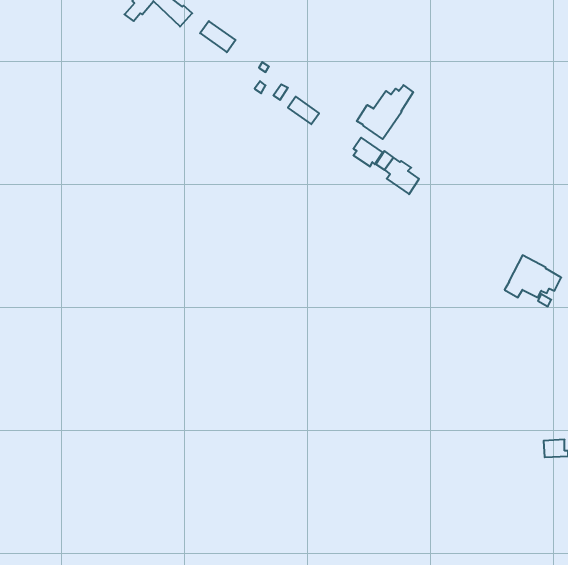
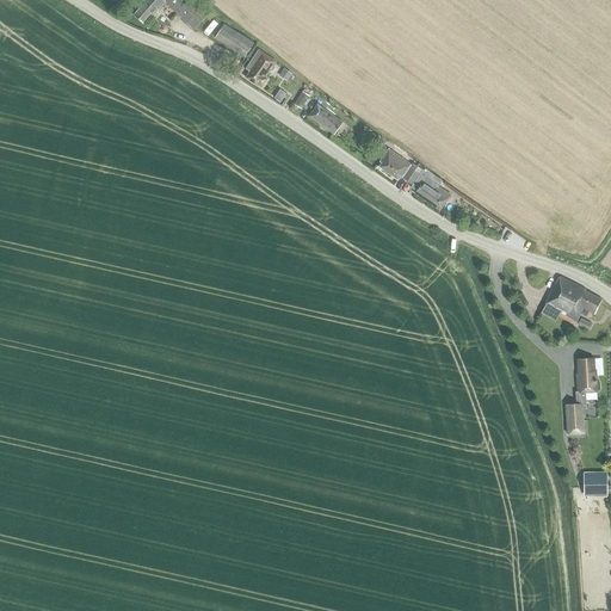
building: none -> [246,49,276,86]
building: [357,85,413,139] -> none
building: none -> [566,358,600,432]

